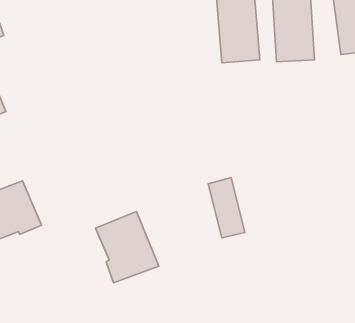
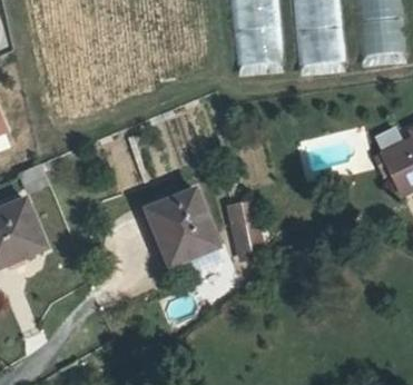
building: [96,211,159,283] -> [153,187,219,263]

